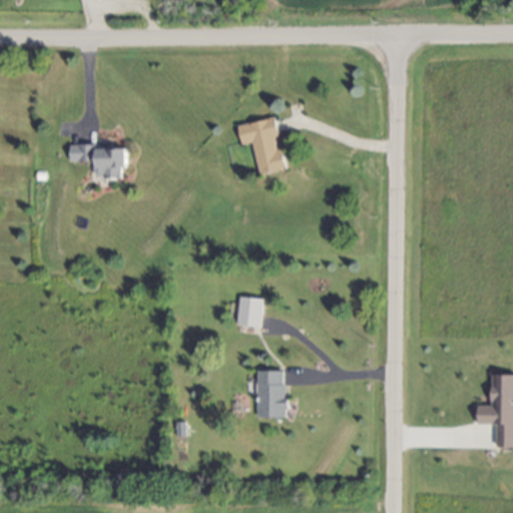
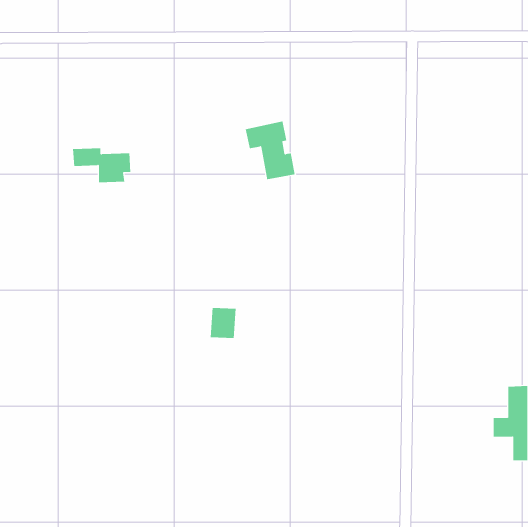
building: [236,297,263,327] -> [210,307,237,338]
building: [256,370,286,417] -> none

